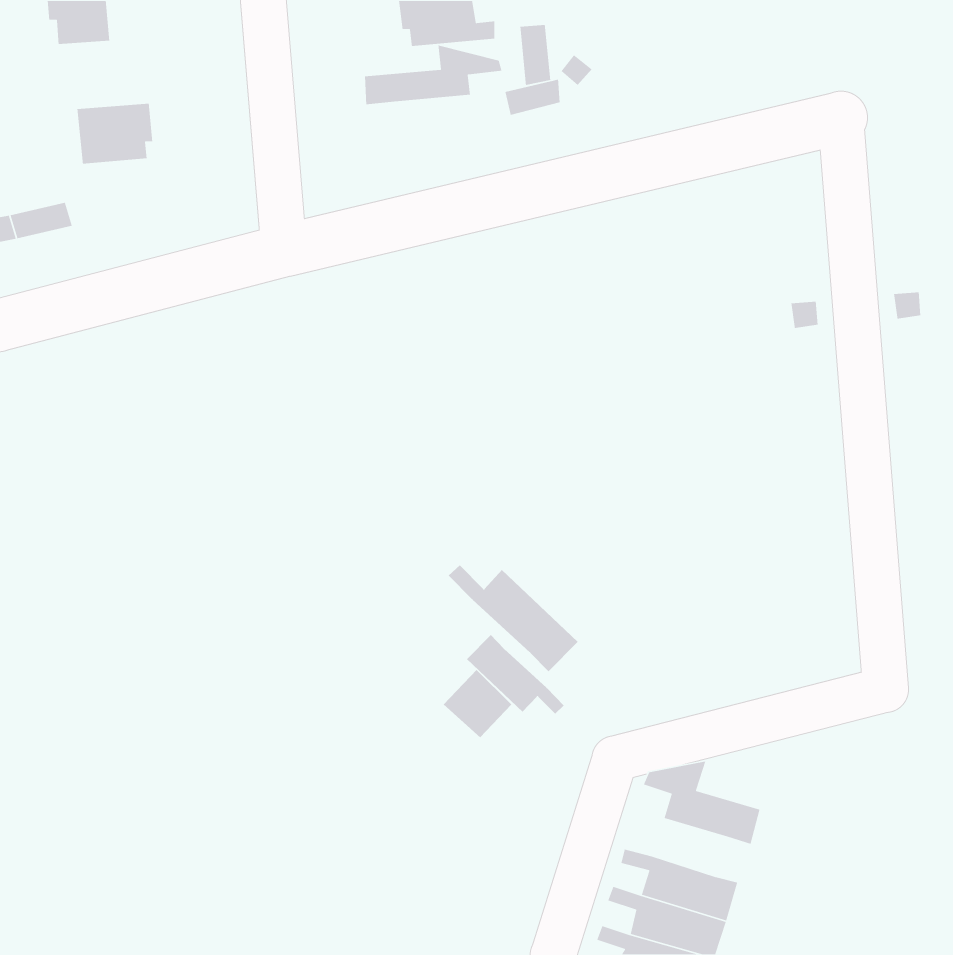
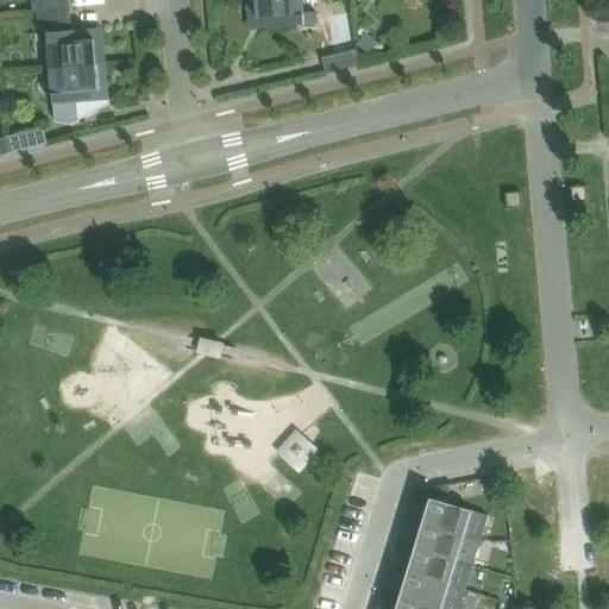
building: [364,44,502,105] -> none
building: none -> [45,30,95,69]
building: [448,565,578,672] -> none
building: [466,634,565,715] -> none
building: none -> [402,515,478,561]

